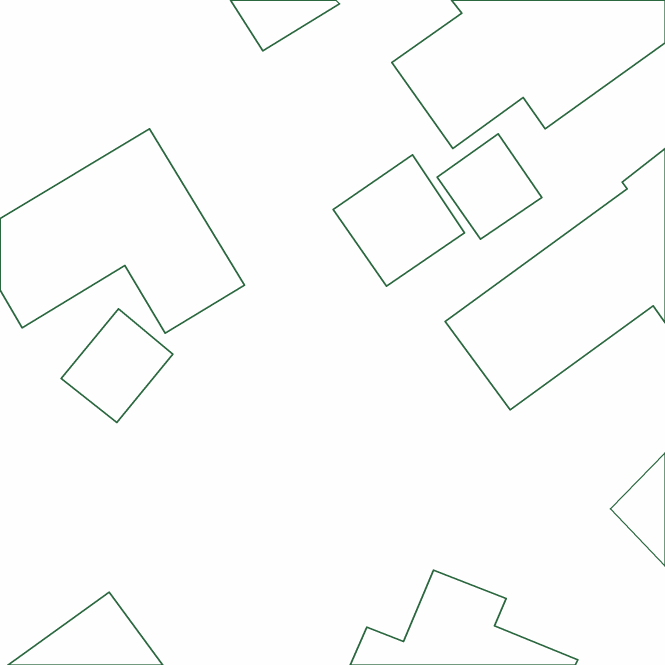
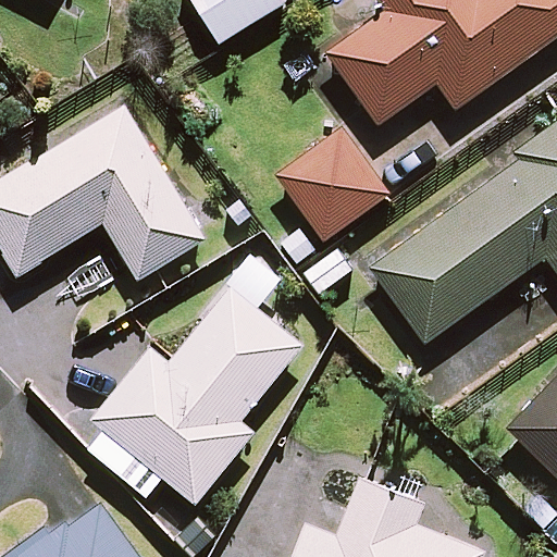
building: [437,134,542,239] -> none
building: [61,309,173,423] -> none
building: none -> [88,284,304,502]

